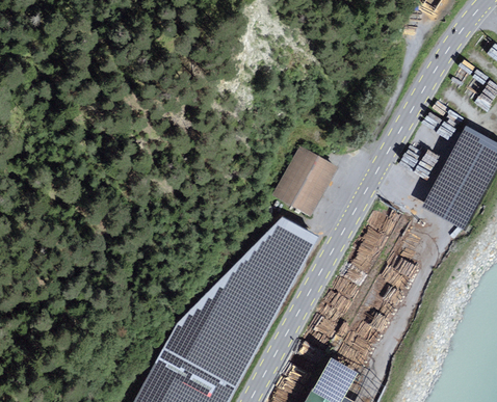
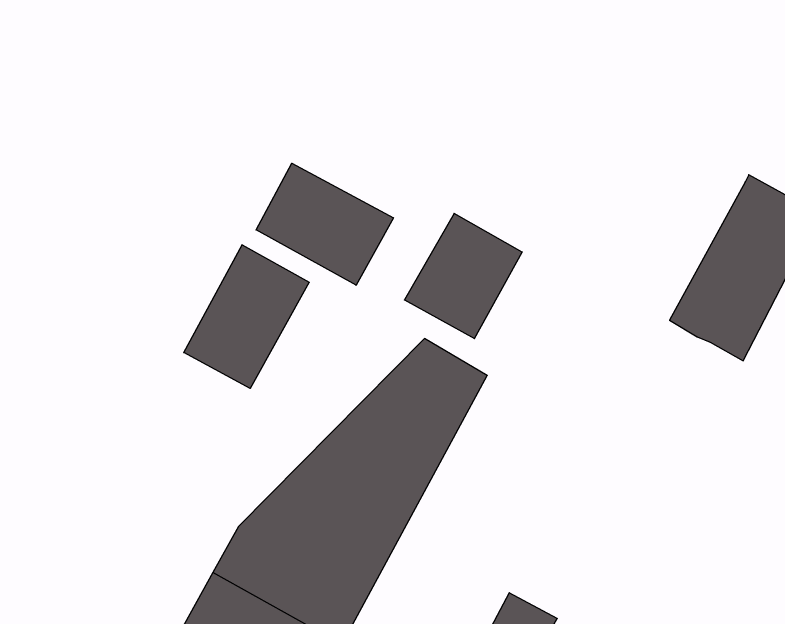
building: none -> [256,163,393,285]
building: none -> [184,245,309,388]

